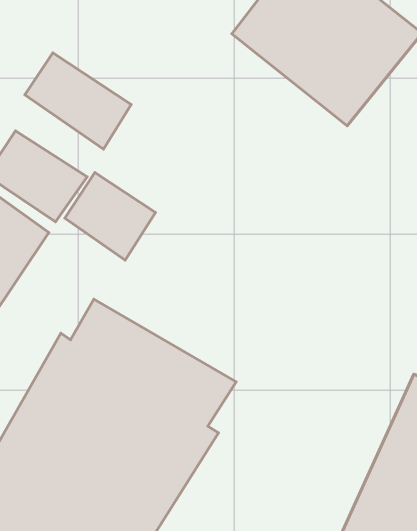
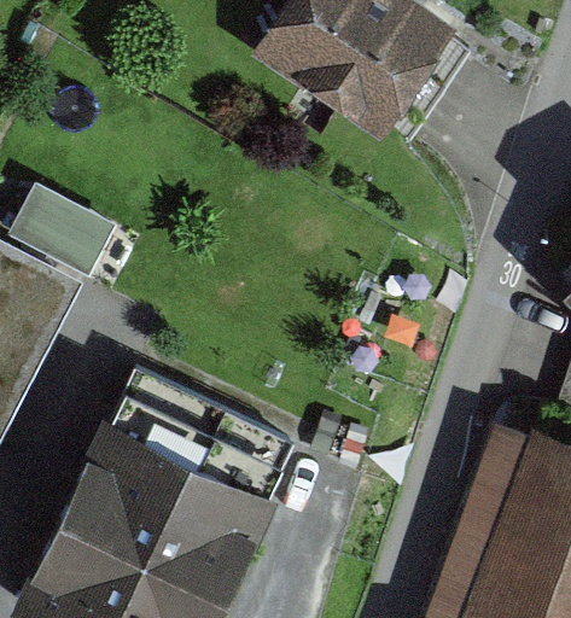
building: [25,53,131,149] -> none
building: [65,173,156,260] -> none

